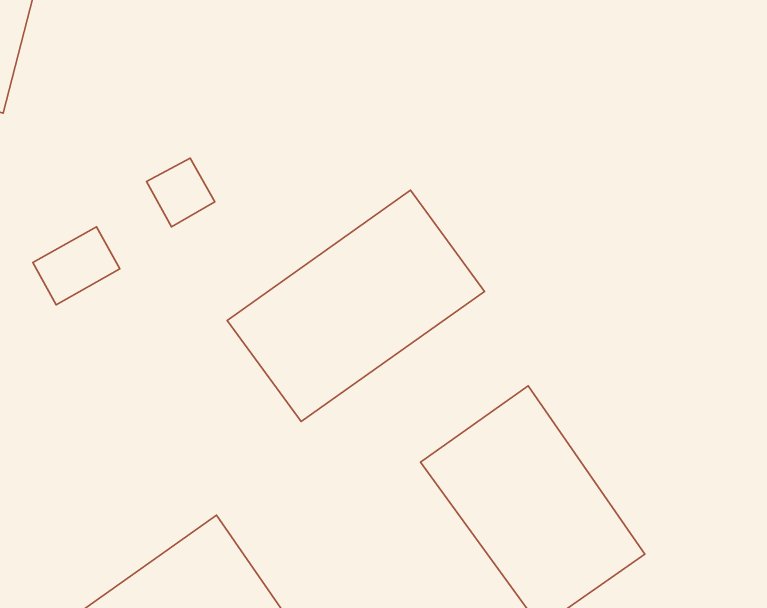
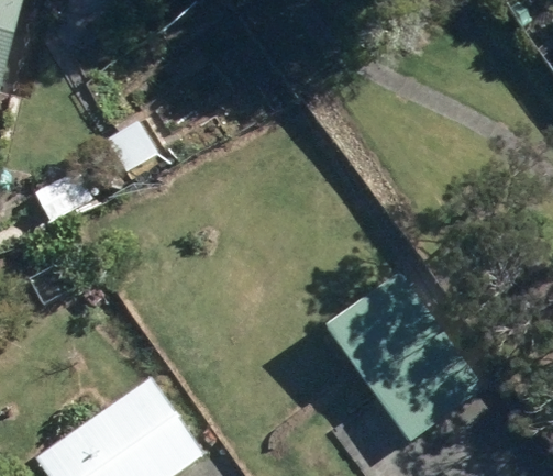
building: [227,190,484,422] -> none

